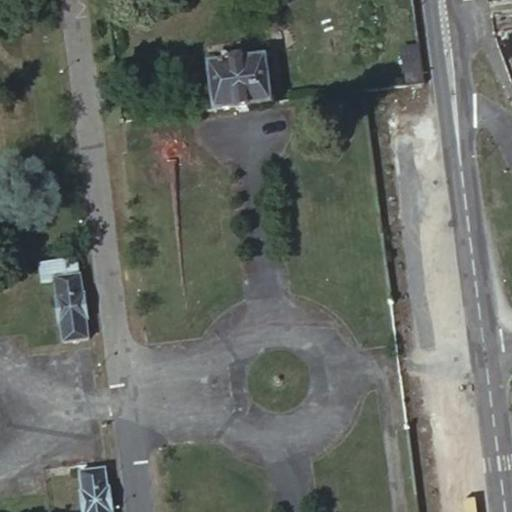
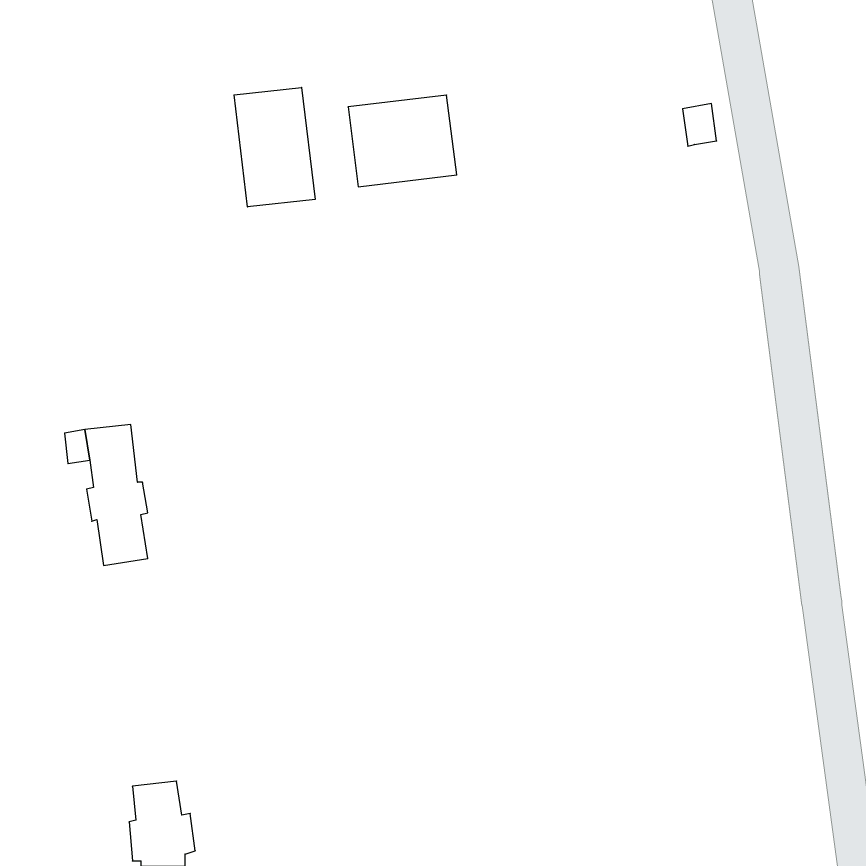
building: none -> [234,87,315,207]

